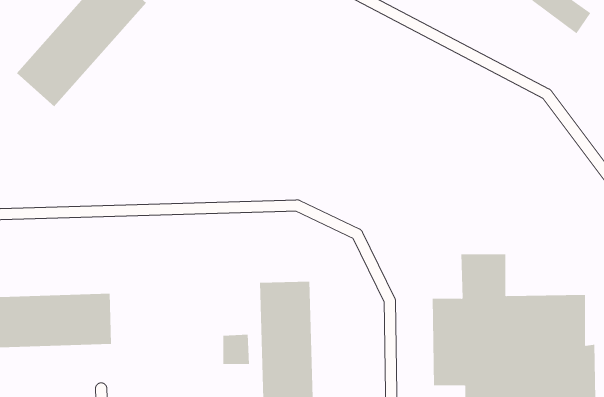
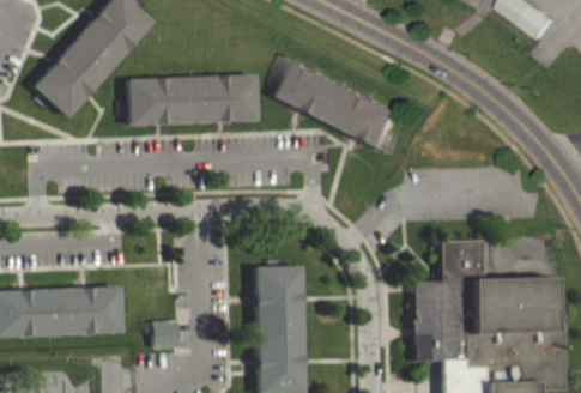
building: none -> [274,59,410,155]
building: none -> [129,77,258,127]
building: [222,334,250,364] -> [156,322,181,350]

